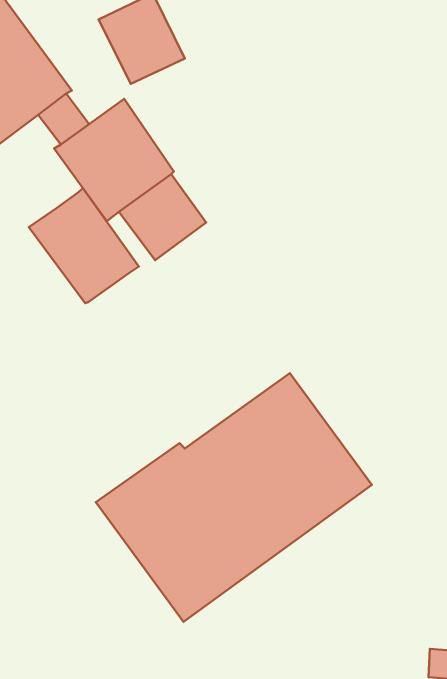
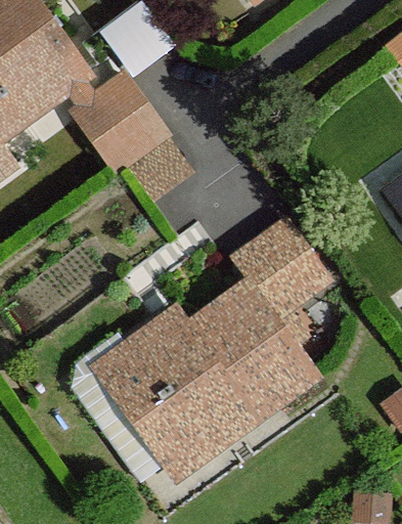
building: [29,188,139,303] -> none
building: none -> [237,225,328,314]

